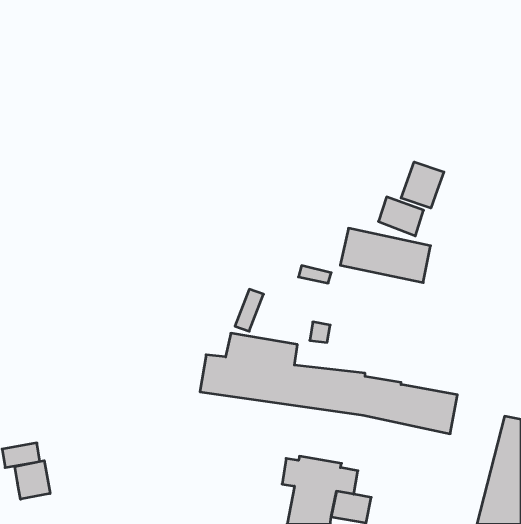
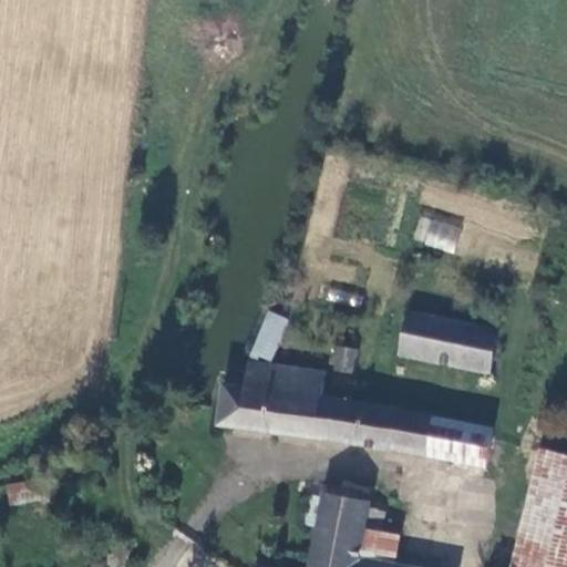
building: [401,162,444,208] -> none
building: [340,228,431,283] -> [400,312,497,371]
building: [15,461,50,499] -> none

